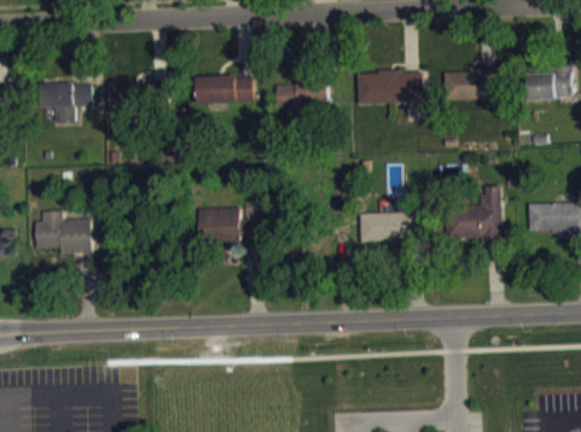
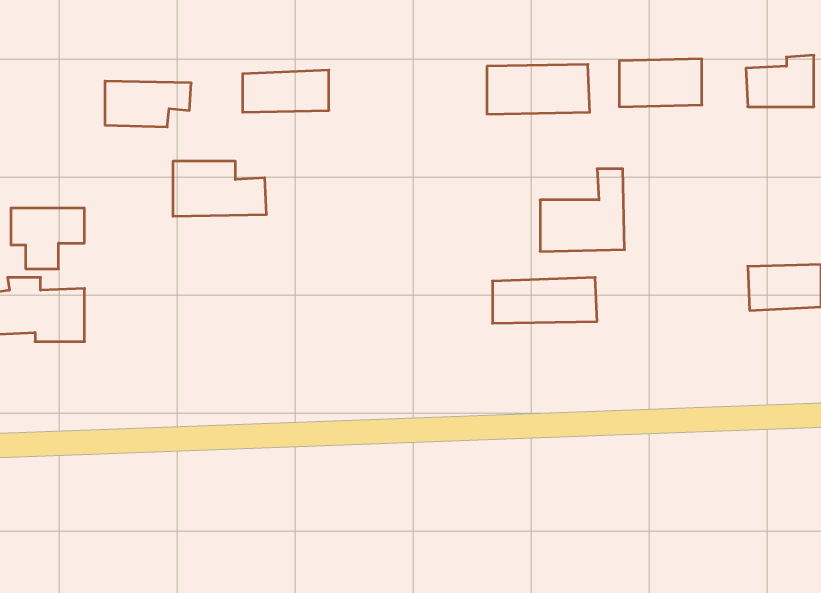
building: [275,76,326,106] -> none
building: [42,83,91,123] -> [11,208,84,269]
building: [445,186,500,240] -> [540,169,625,251]
building: [197,208,258,244] -> [173,161,267,216]

